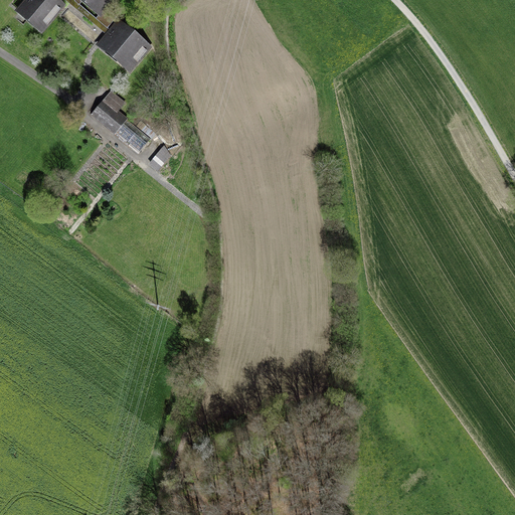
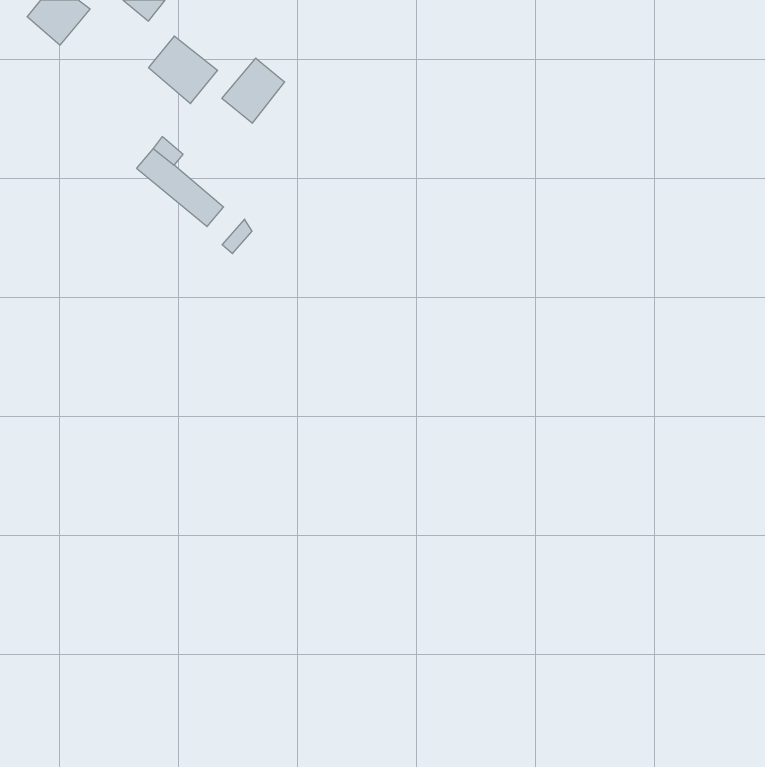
building: none -> [222,58,285,123]

